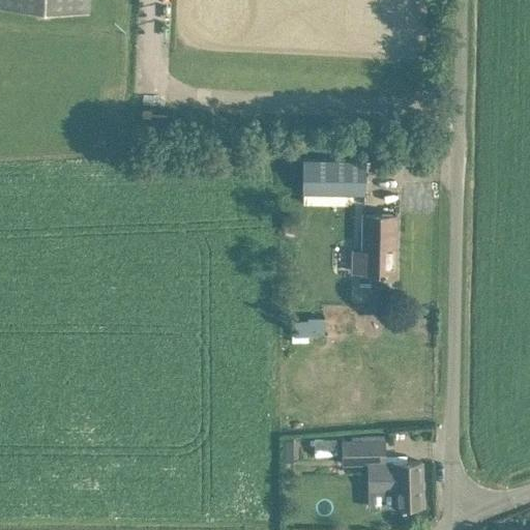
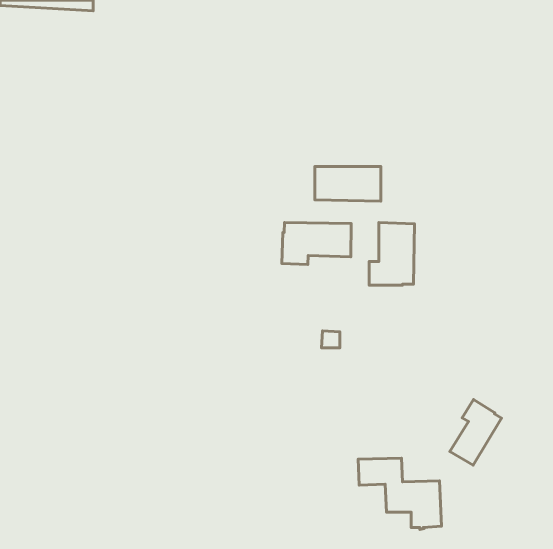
building: none -> [282,222,351,264]
building: none -> [450,399,501,465]

